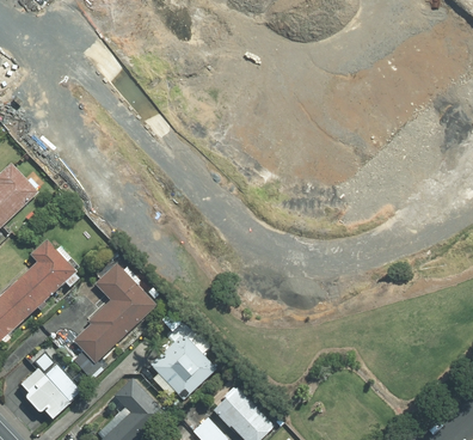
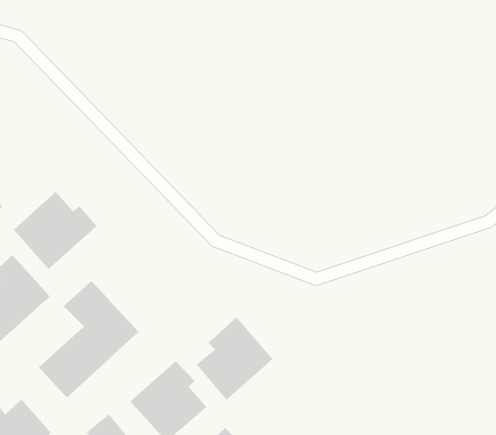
building: none -> [13,191,97,270]
building: none -> [196,317,273,400]

